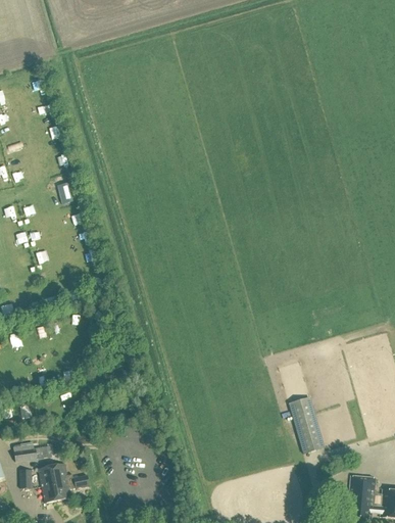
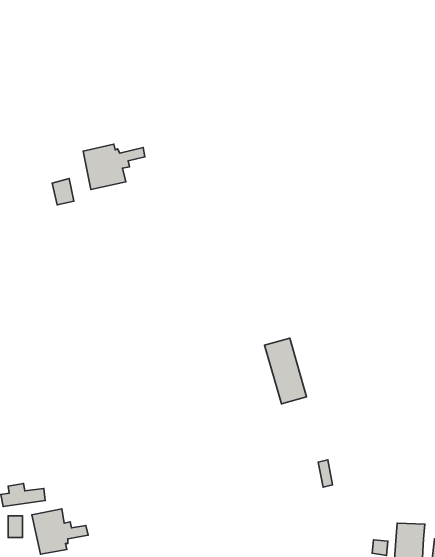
building: none -> [83,144,145,189]
building: [288,396,324,453] -> [265,338,307,404]

